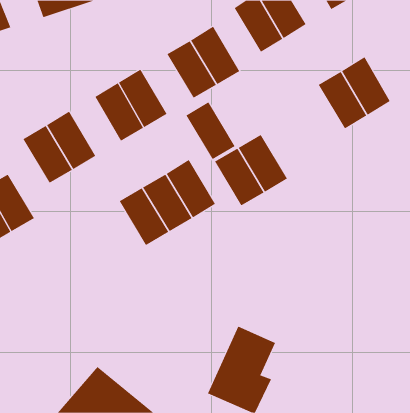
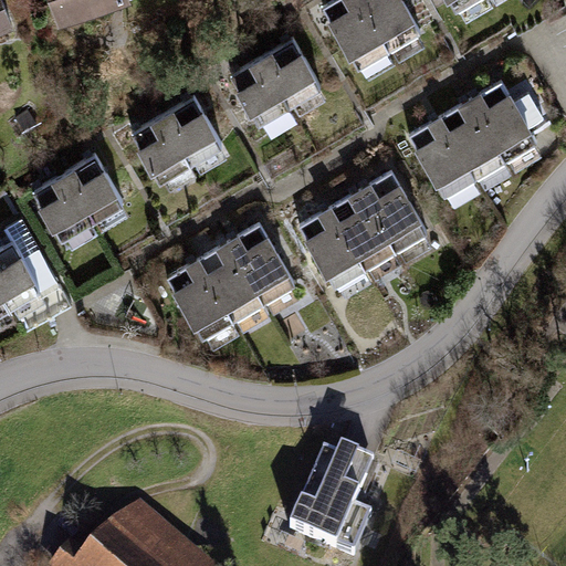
building: none -> [402,116,471,196]
building: [185,102,235,160] -> [357,165,426,244]

